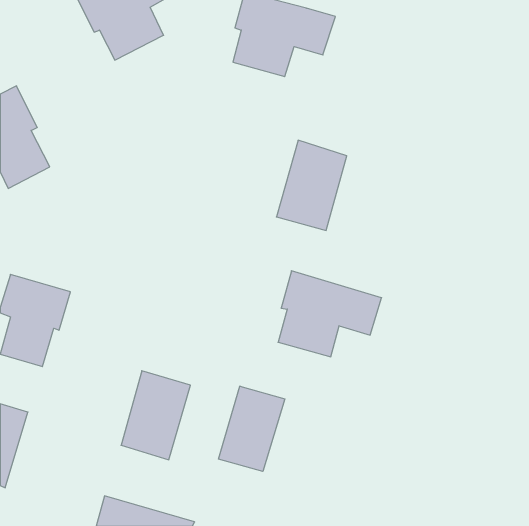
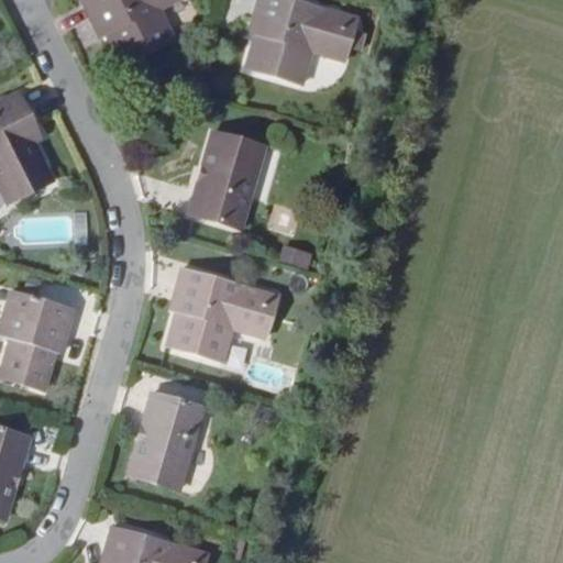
building: [276,140,347,230] -> [189,131,264,227]
building: [278,271,382,357] -> [167,268,277,360]
building: [219,386,285,471] -> none

